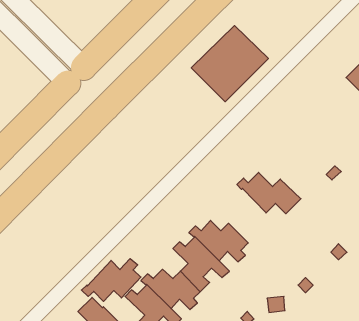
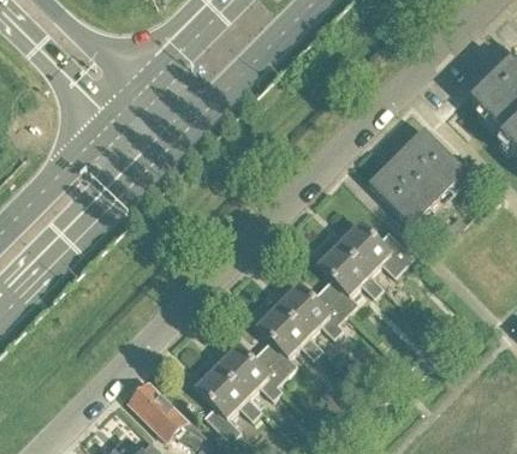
building: [191,26,268,102] -> [369,131,468,228]
building: none -> [313,245,384,315]
building: [81,259,141,301] -> none

